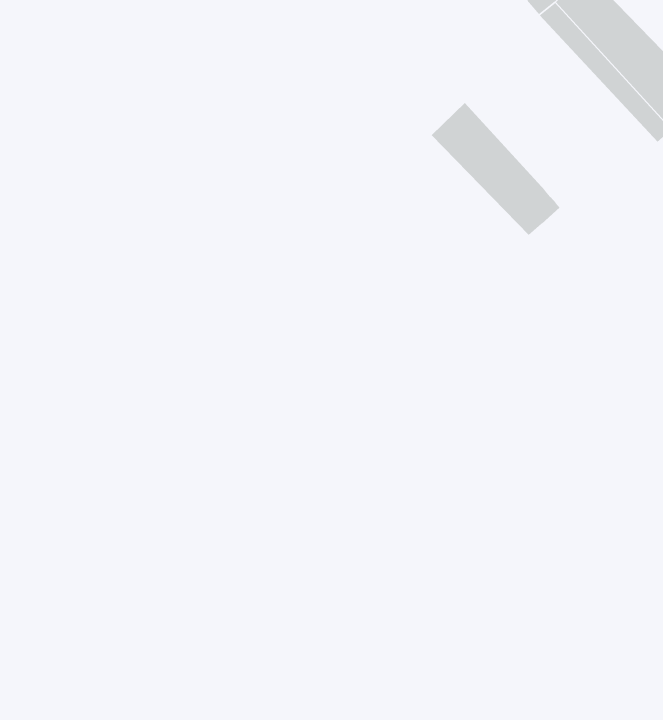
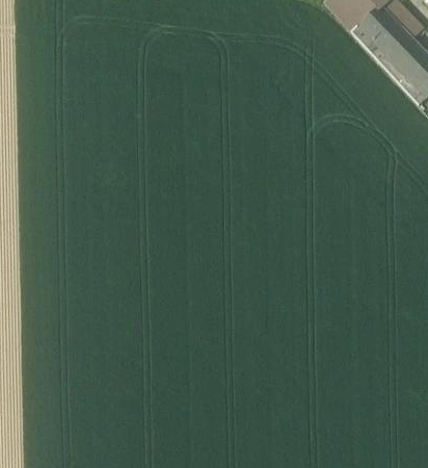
building: [431,102,561,236] -> none

